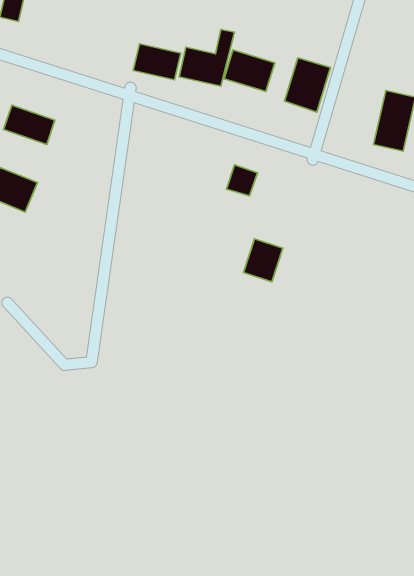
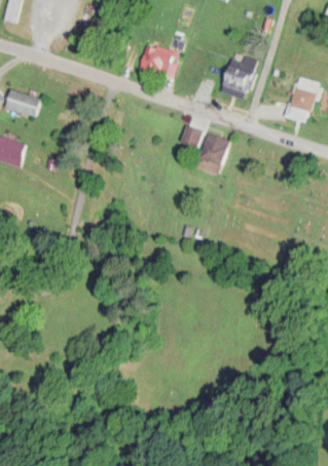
building: [133,44,181,80] -> none
building: [224,50,275,92] -> none
building: [244,239,283,282] -> [195,142,225,174]

